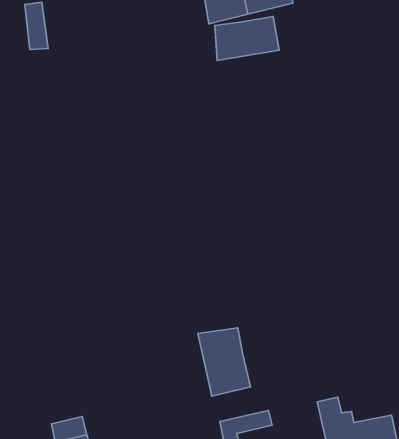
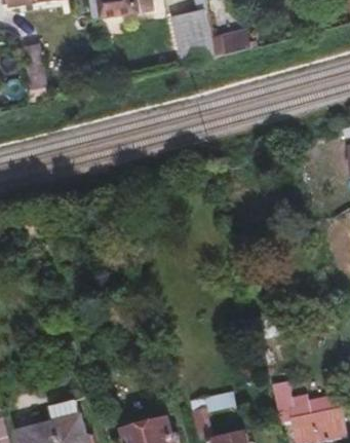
building: [215,16,279,61] -> none
building: [198,328,250,396] -> none

